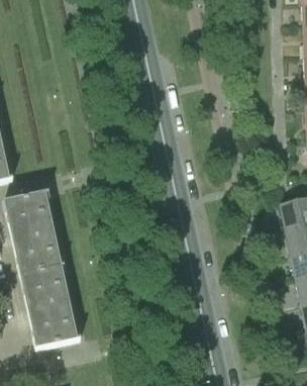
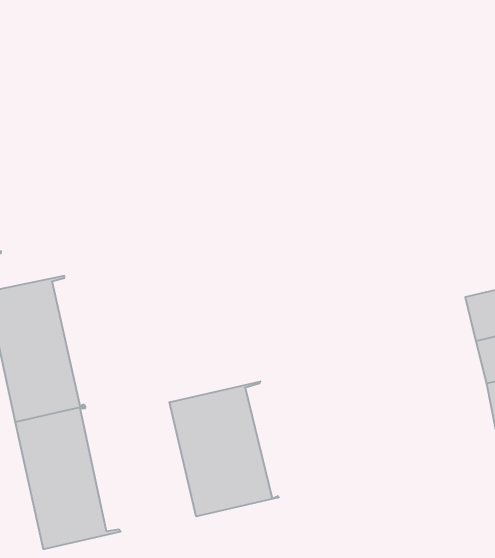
building: none -> [170,381,279,516]

